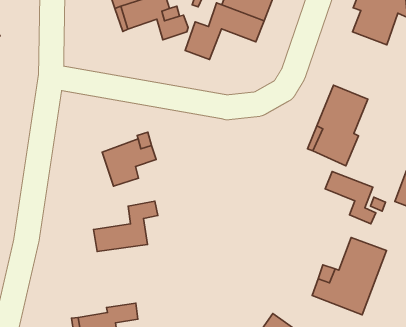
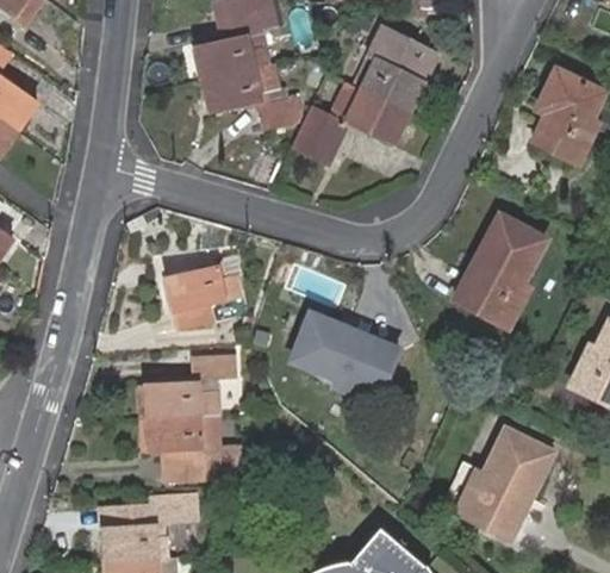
building: none -> [290,312,397,405]
building: [325,172,376,224] -> none
building: none -> [145,415,238,479]

